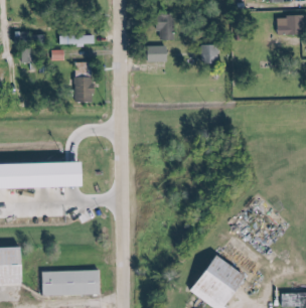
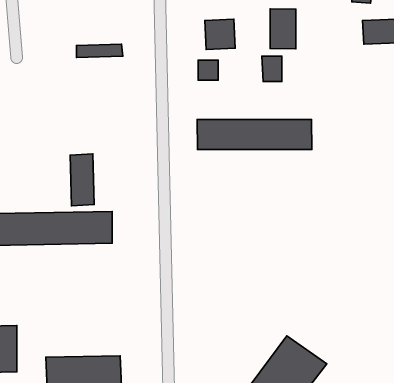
building: none -> [270,9,296,49]
building: [73,61,92,101] -> [70,154,94,206]
building: none -> [197,119,312,150]

